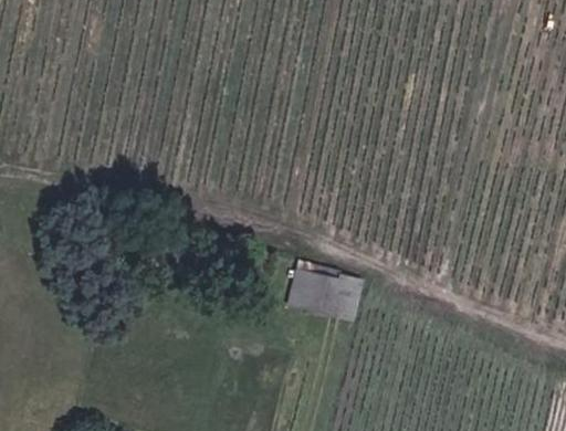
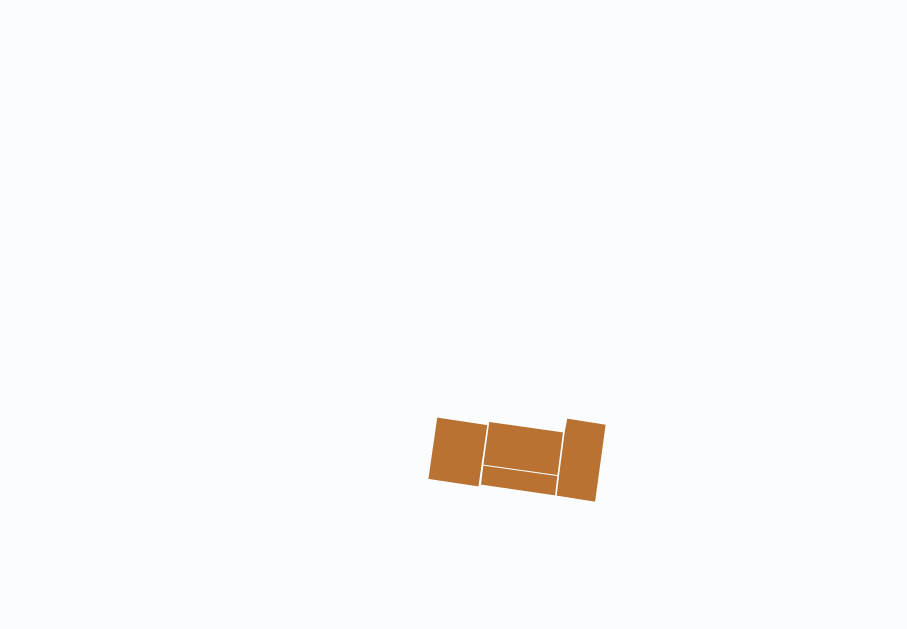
building: none -> [428,417,488,487]

